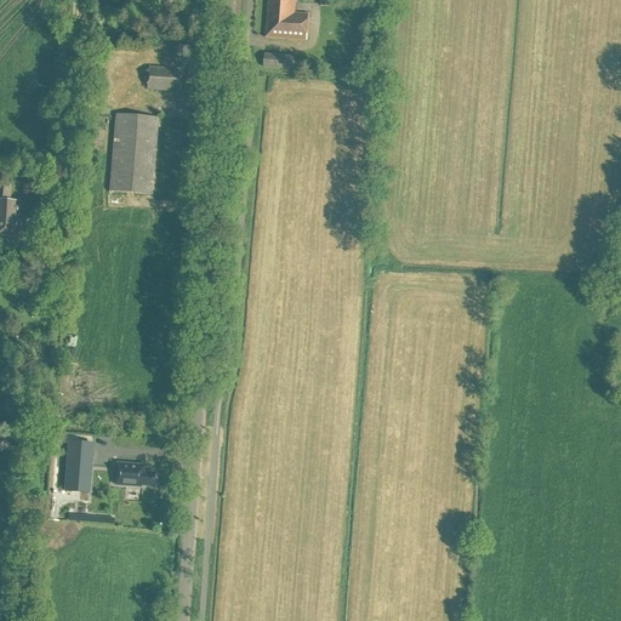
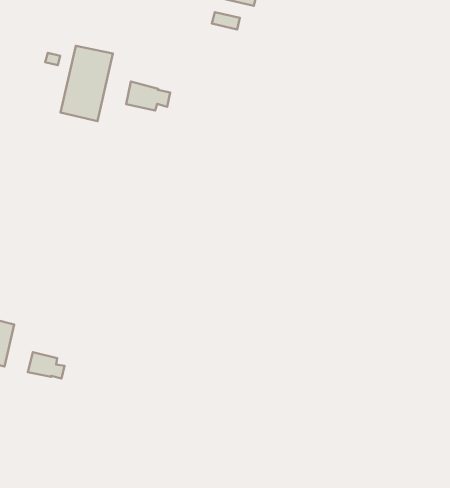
building: [147,65,181,90] -> none
building: none -> [126,81,170,111]

